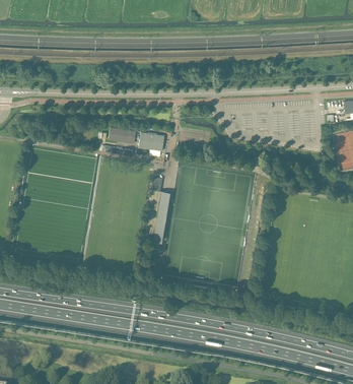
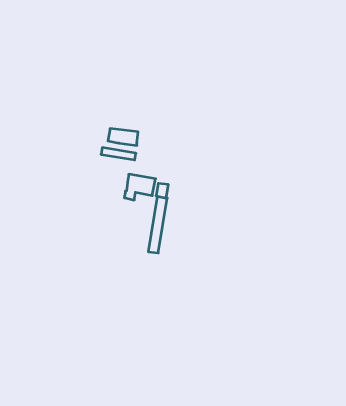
building: [137,131,165,154] -> [124,174,156,200]

